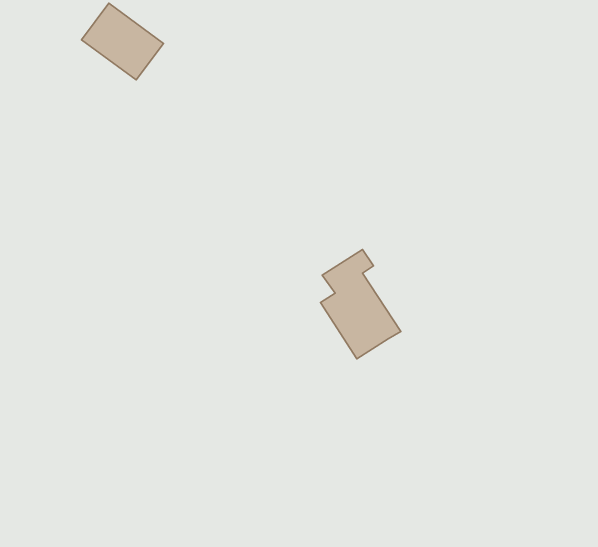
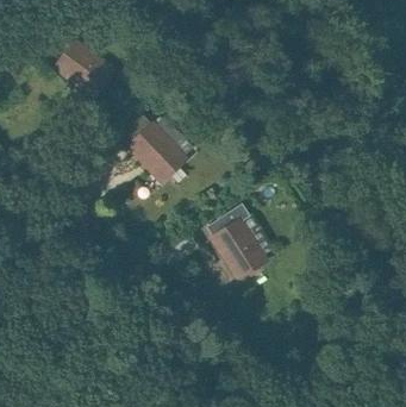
building: none -> [127,118,187,179]

